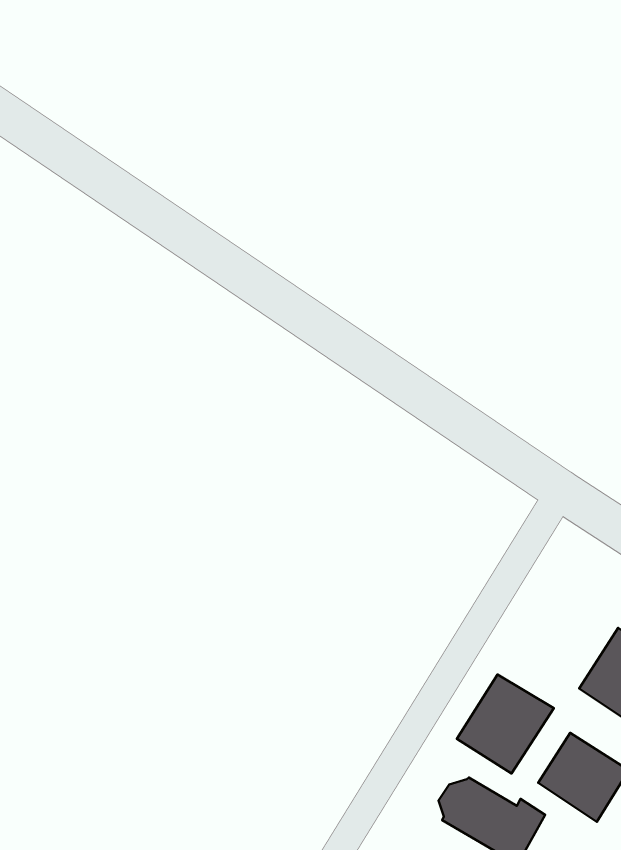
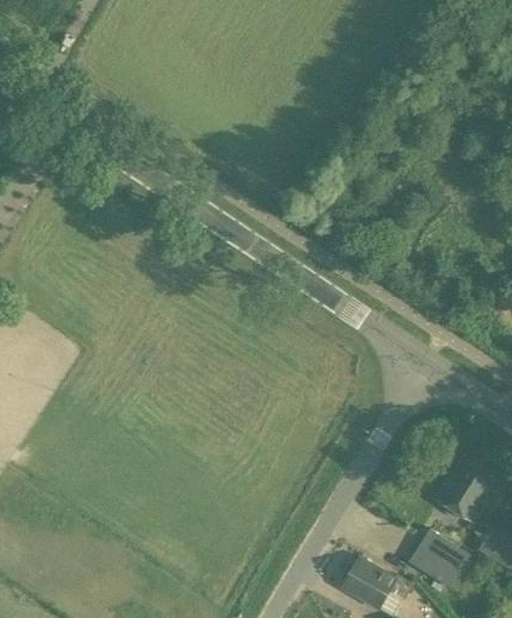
building: [457,674,554,774] -> none

